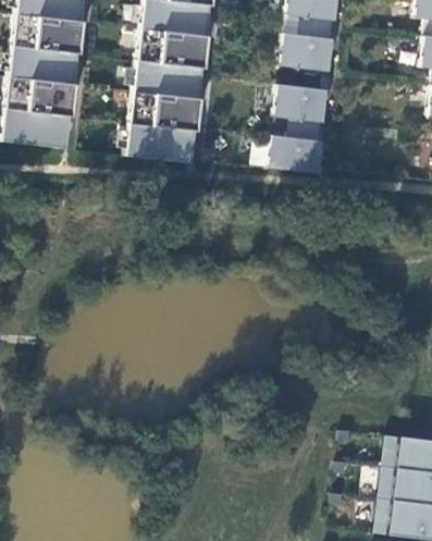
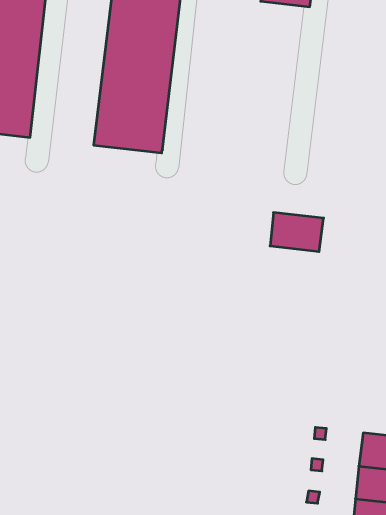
building: [283,33,335,71] -> none
building: [277,84,329,122] -> none
building: [271,135,323,173] -> [270,213,324,252]

